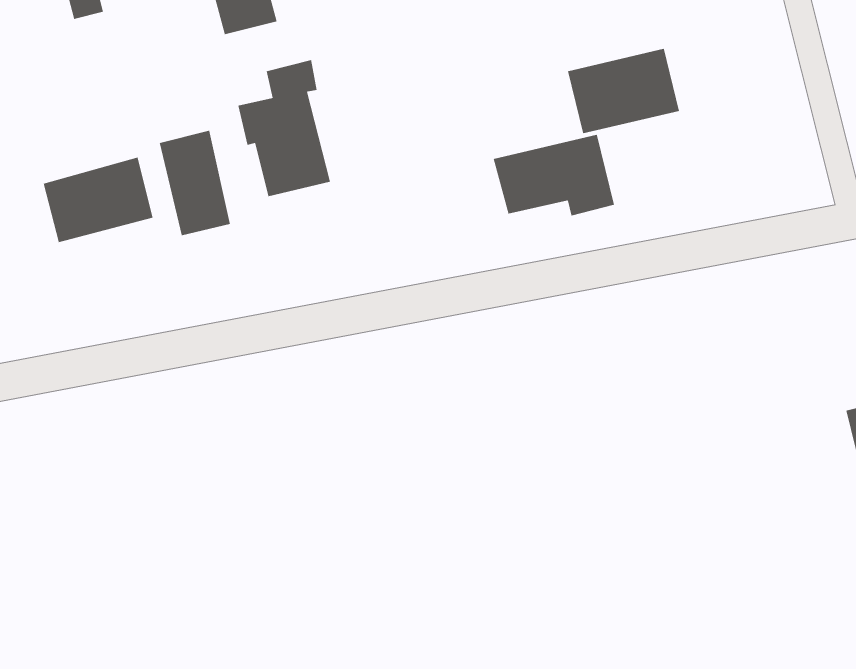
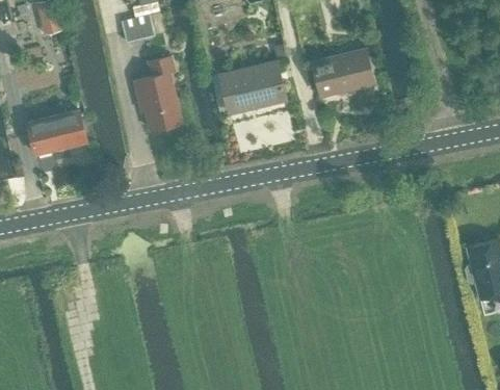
building: [159,130,231,236] -> none
building: [493,134,615,216] -> [218,61,285,106]

